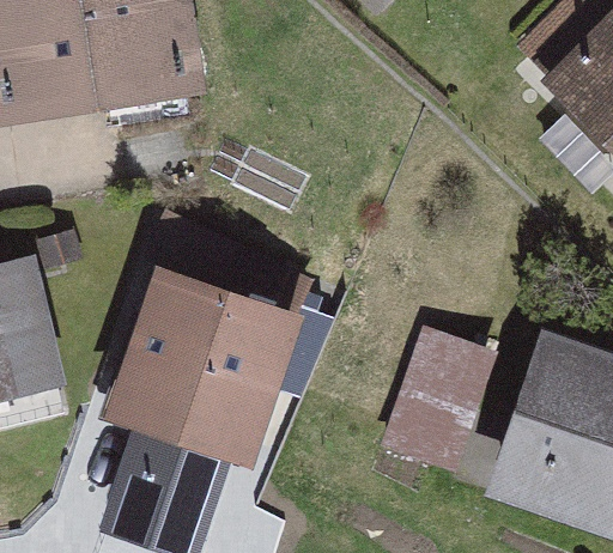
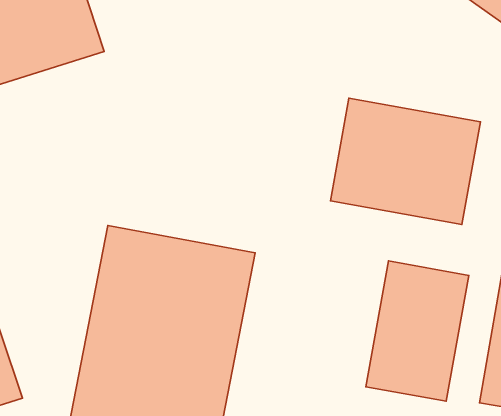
building: none -> [330,98,480,225]

